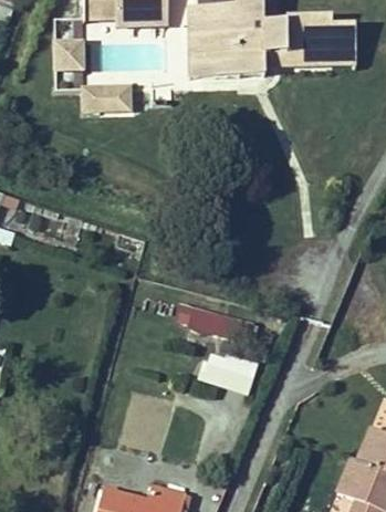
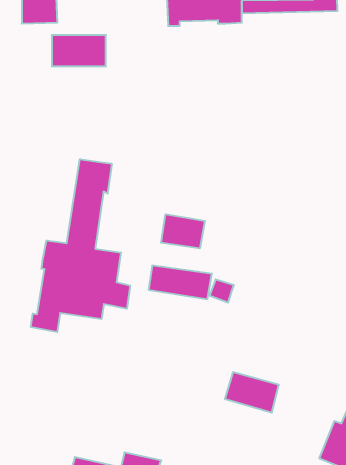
building: none -> [31,159,130,332]
building: none -> [161,214,205,248]
building: [202,352,254,390] -> [225,372,279,413]

